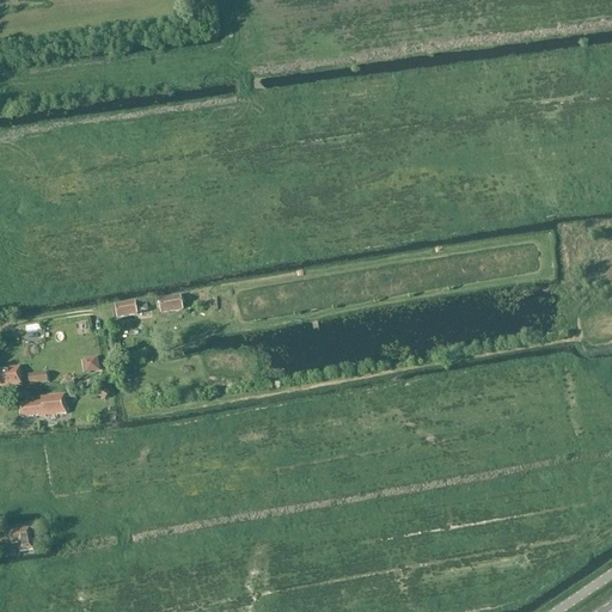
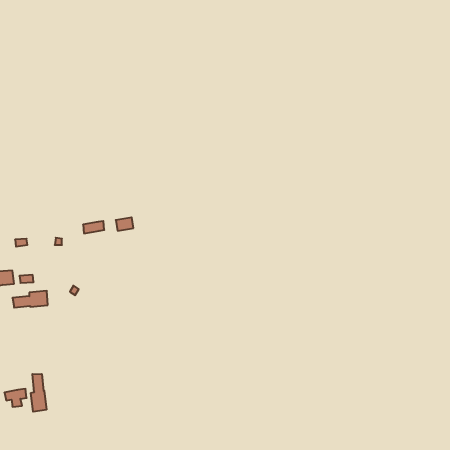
building: none -> [31,374,46,412]

